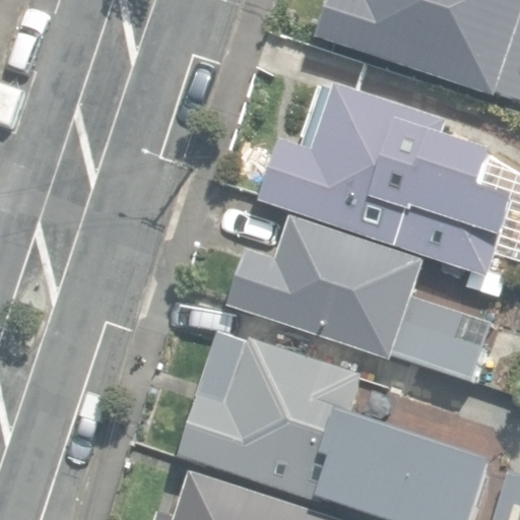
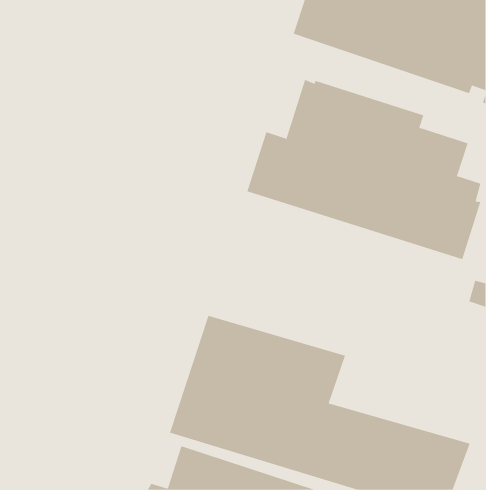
building: [226,214,482,379] -> none

